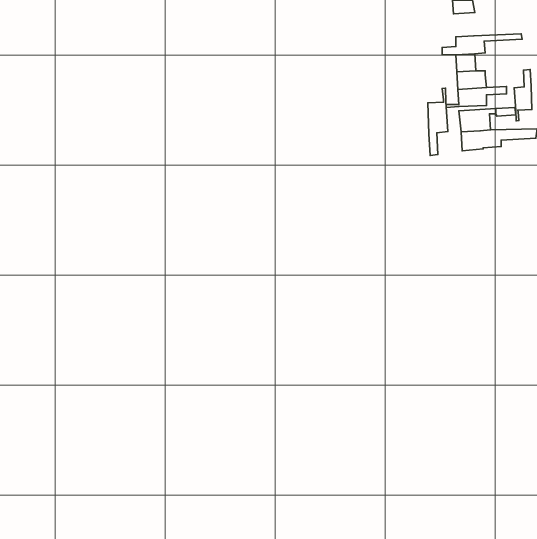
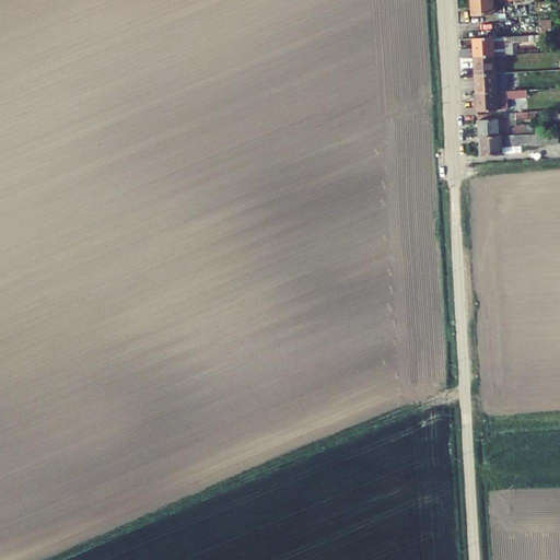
building: [514,70,532,121] -> none
building: [428,88,448,155] -> none

